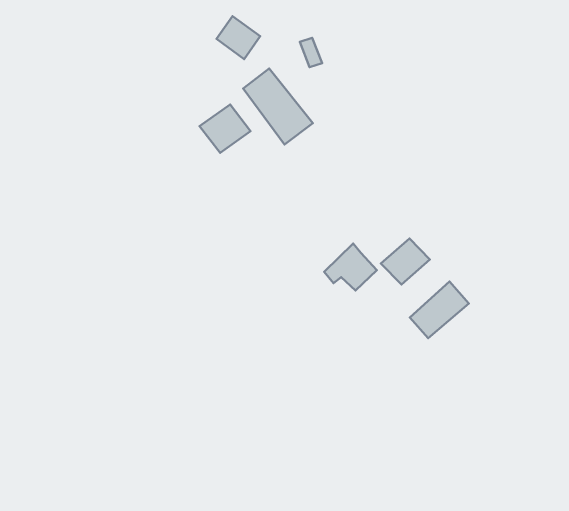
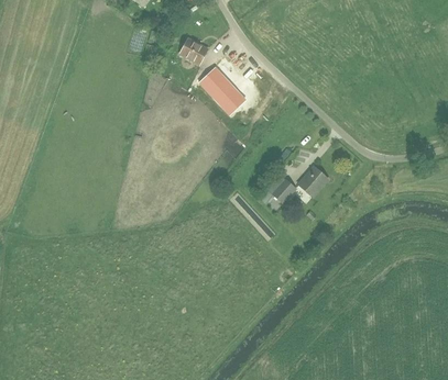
building: [200,105,250,153] -> none
building: [410,281,469,338] -> none

